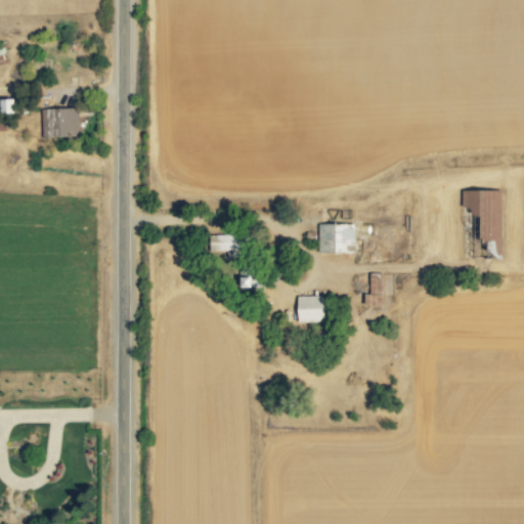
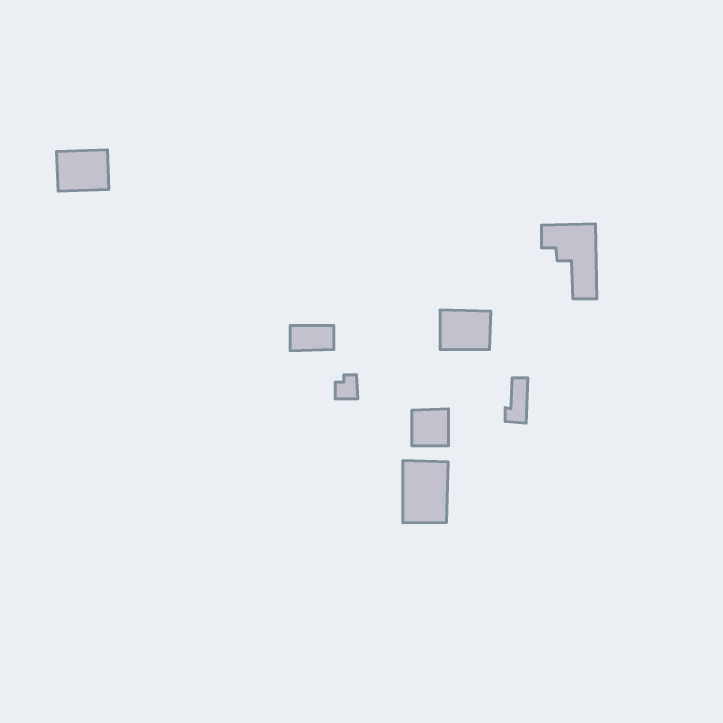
building: [462,190,501,245] -> [542,224,597,299]
building: none -> [403,460,448,523]

